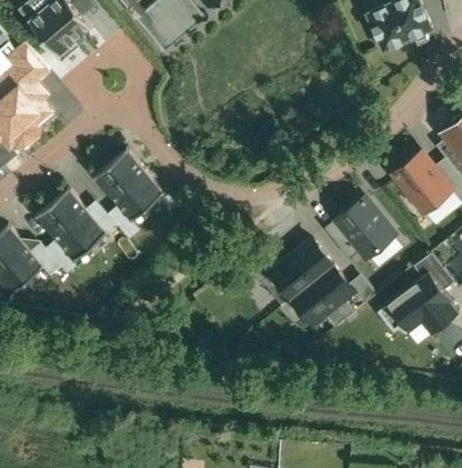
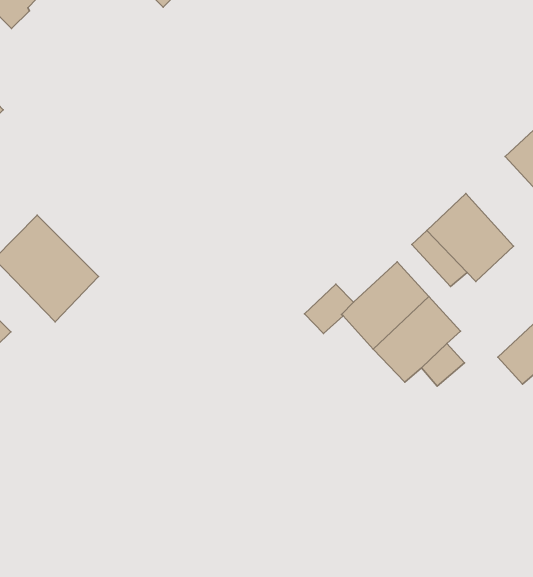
building: [93,149,164,221] -> none

